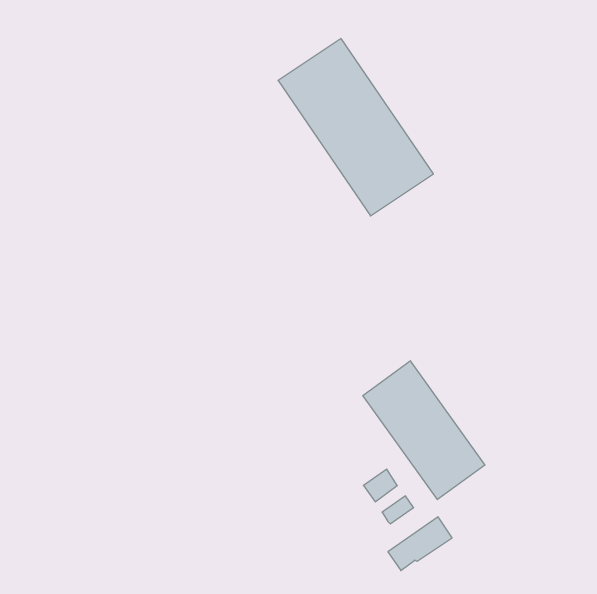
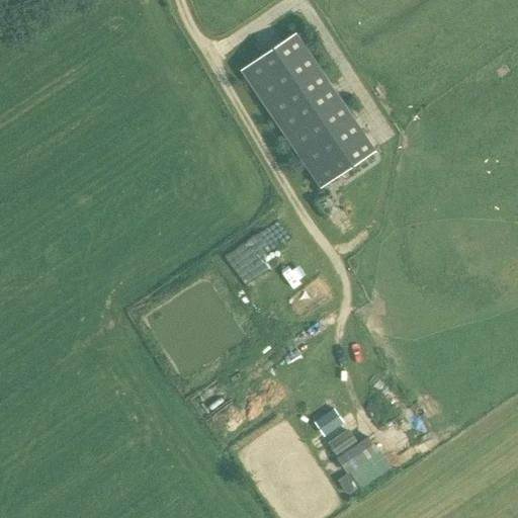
building: [363,361,485,500] -> none
building: none -> [337,434,379,471]

